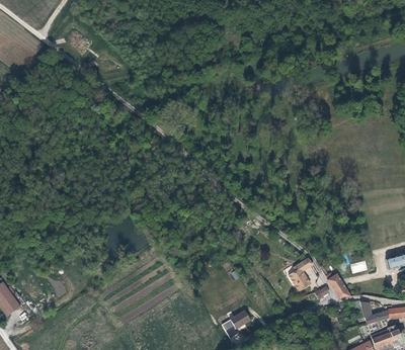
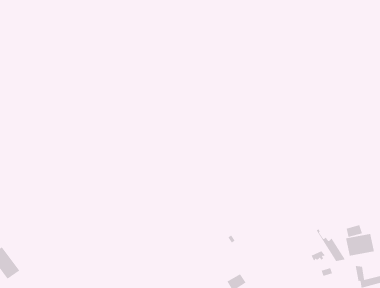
building: [290,258,314,291] -> none
building: none -> [346,233,374,256]

